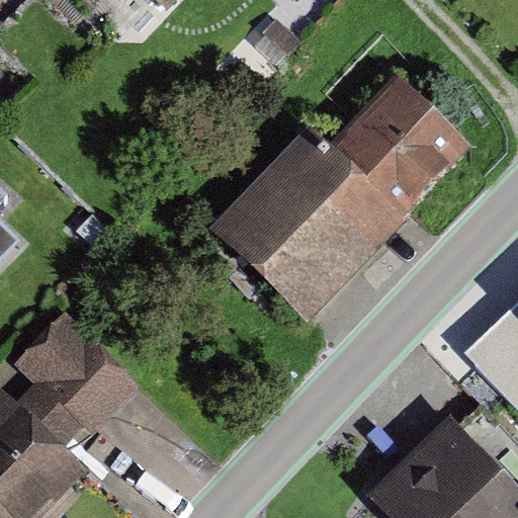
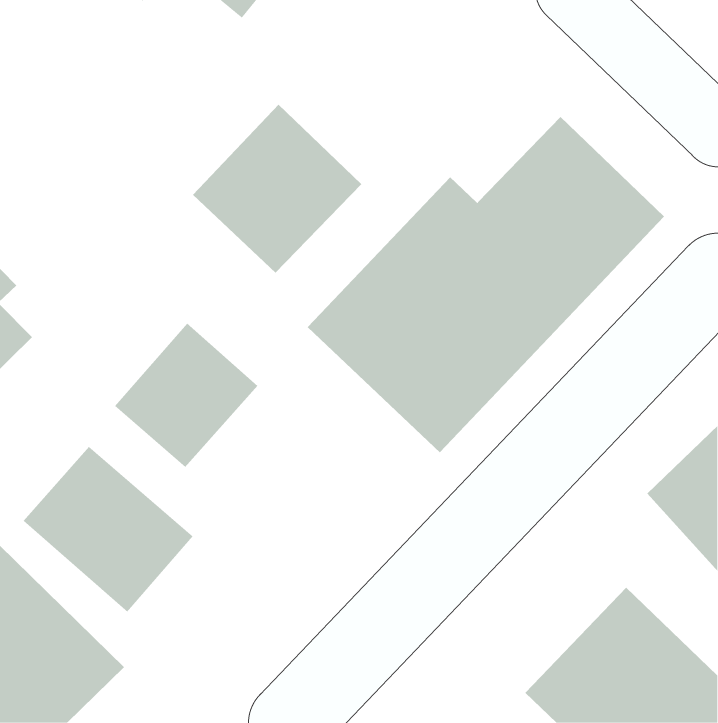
building: none -> [192,104,362,274]
building: none -> [114,323,258,468]

